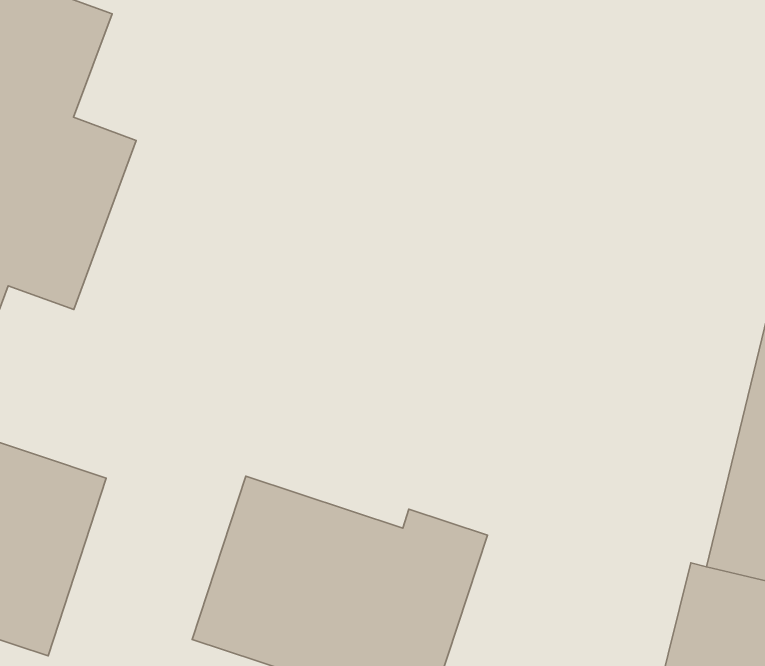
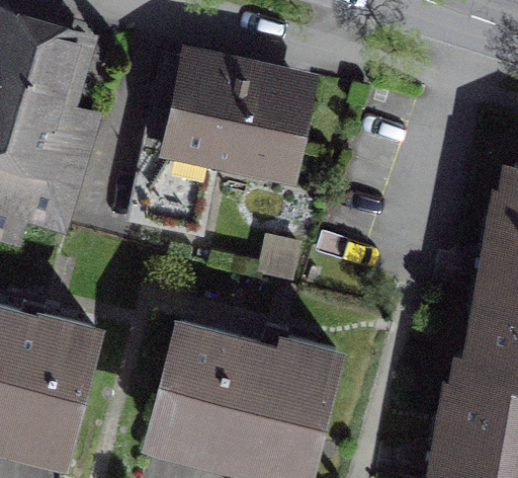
building: none -> [142,57,300,232]

